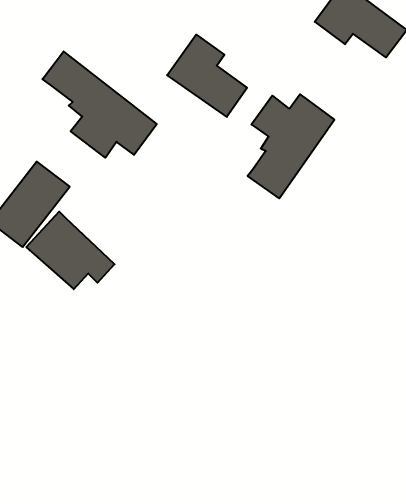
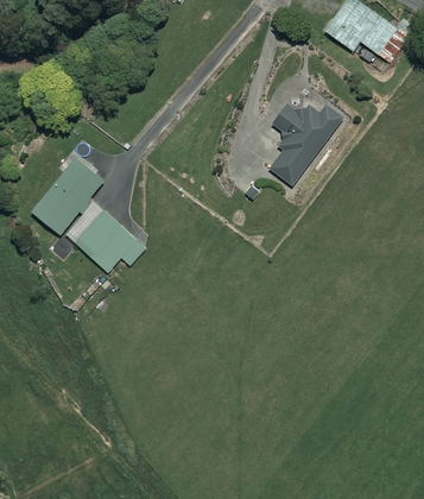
building: [167,35,247,117] -> none
building: [42,51,157,158] -> none

